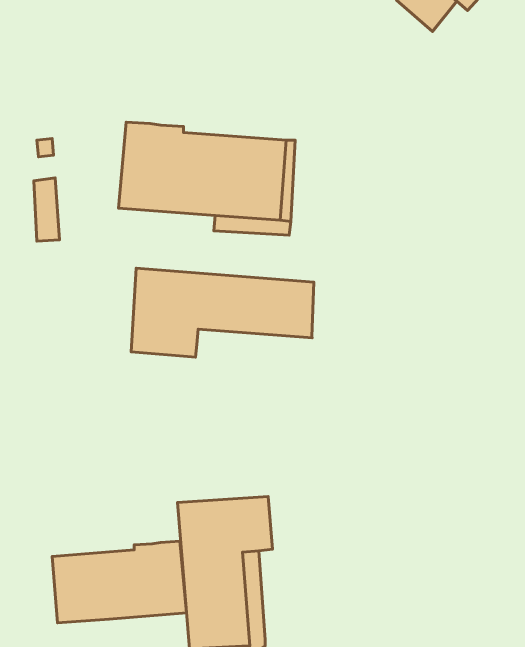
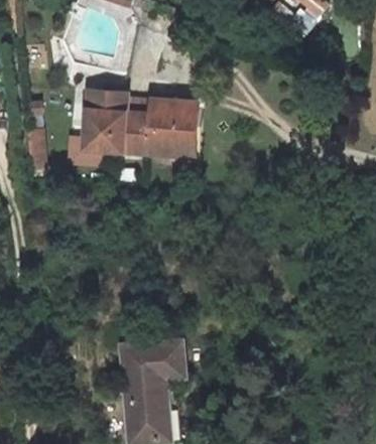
building: [131,268,314,357] -> none
building: [52,541,187,623] -> none

